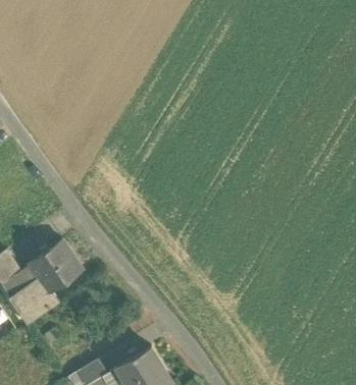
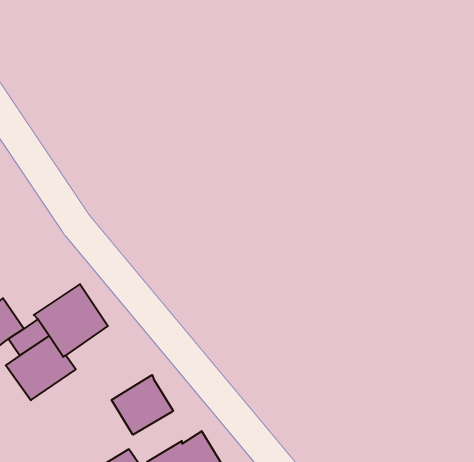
building: none -> [112,375,173,435]

